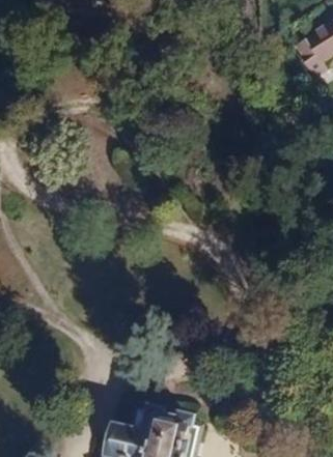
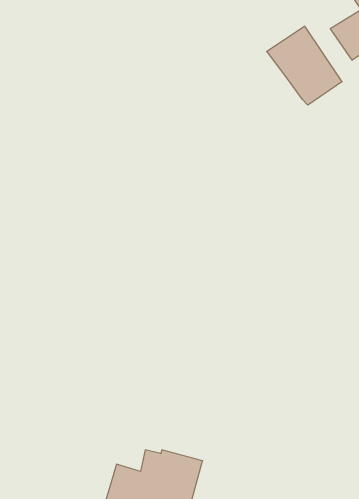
building: none -> [267,26,342,105]

